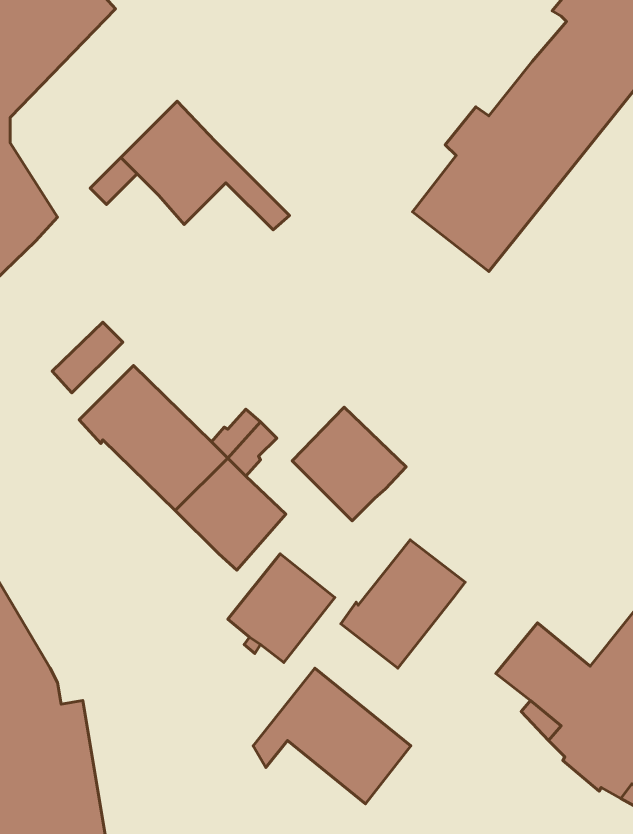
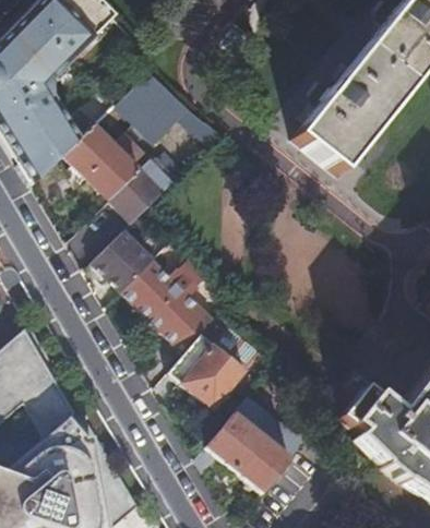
building: none -> [67,127,179,224]
building: [292,407,406,521] -> none
building: [341,540,465,668] -> none

